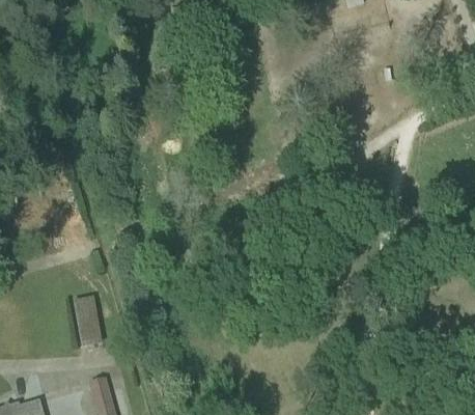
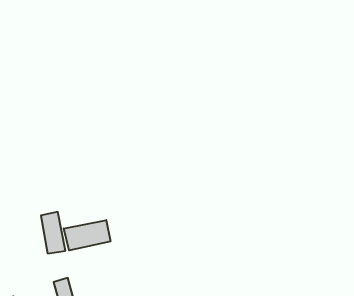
building: none -> [64,220,110,250]

